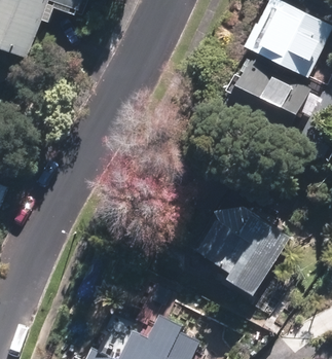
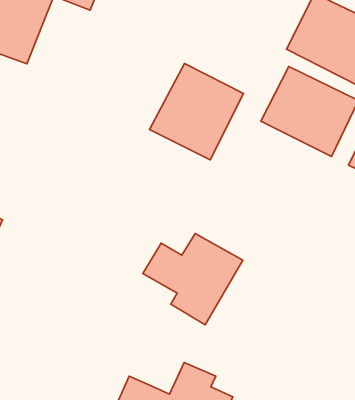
building: none -> [149,63,244,160]
building: [200,218,285,295] -> [143,233,243,325]

